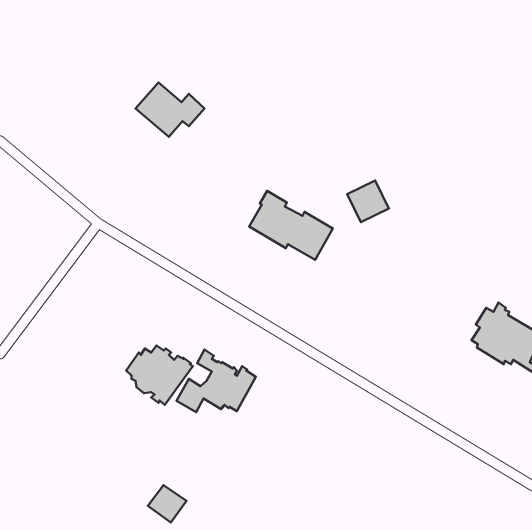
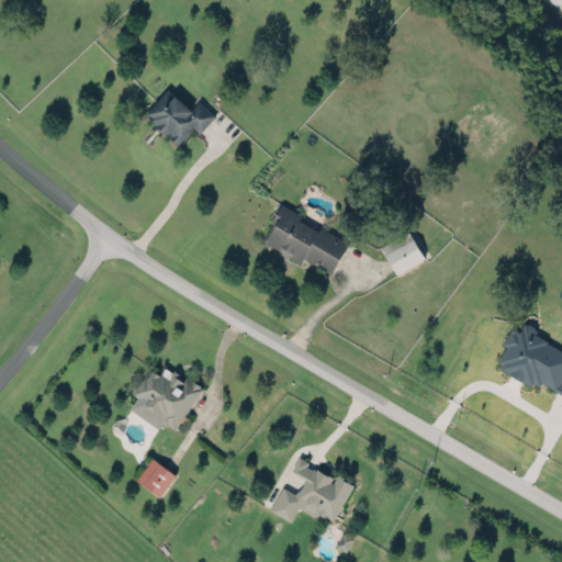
building: [347,180,389,222] -> [381,233,425,277]
building: [176,350,256,412] -> [270,457,353,522]
building: [148,485,186,523] -> [136,460,177,499]

